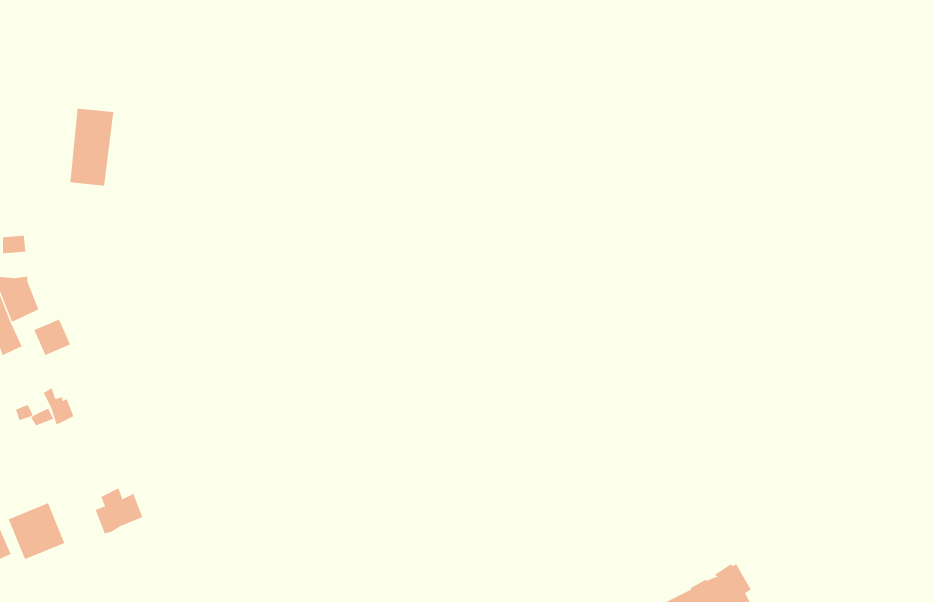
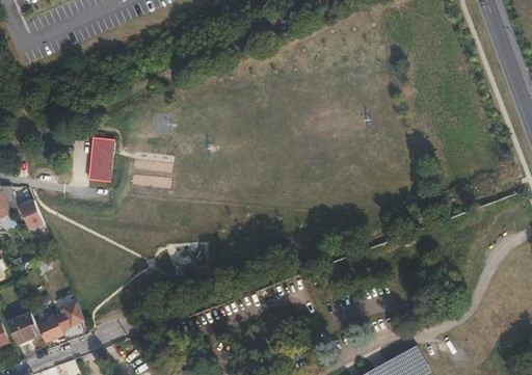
building: [69,108,114,186] -> [89,138,114,182]
building: none -> [37,314,63,343]

